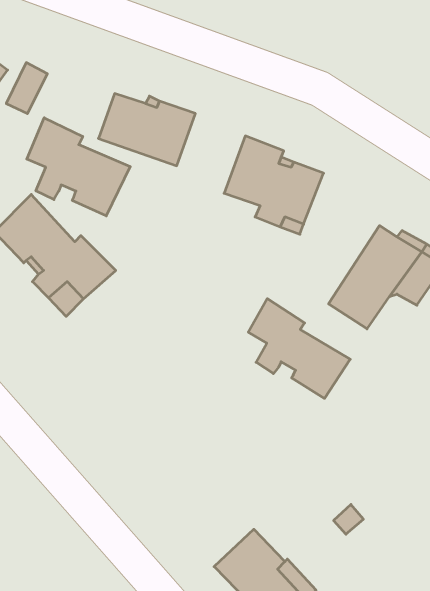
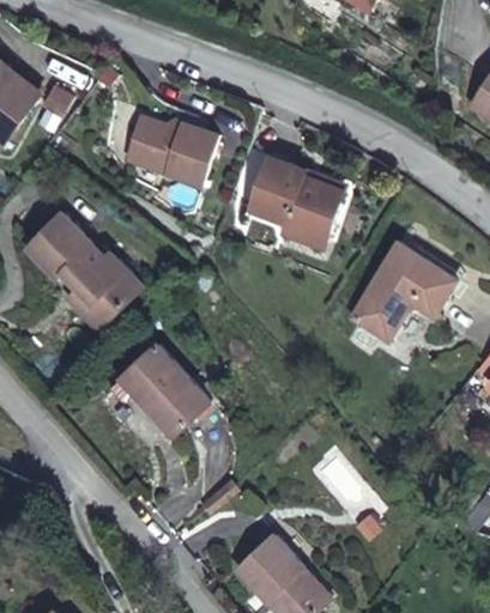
building: [27,118,130,216] -> none
building: [248,299,350,398] -> none
building: none -> [121,341,210,432]

